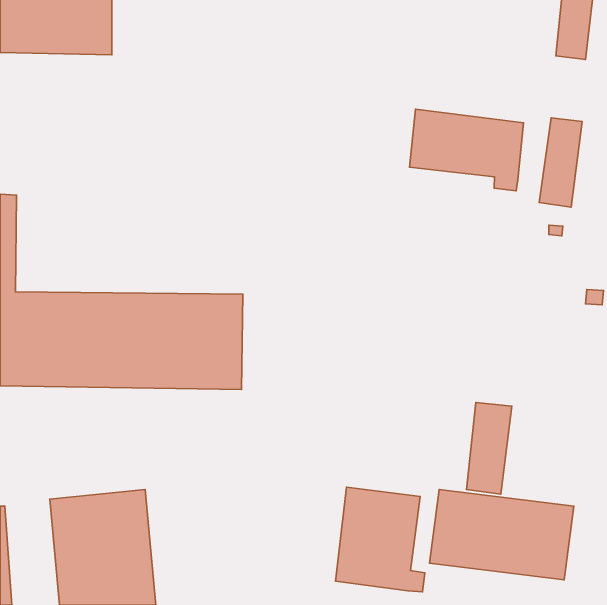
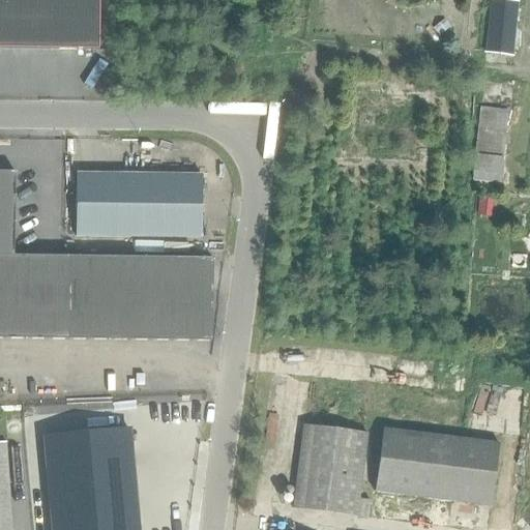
building: [409,109,524,191] -> none
building: none -> [76,171,201,235]
building: [466,403,512,494] -> none

